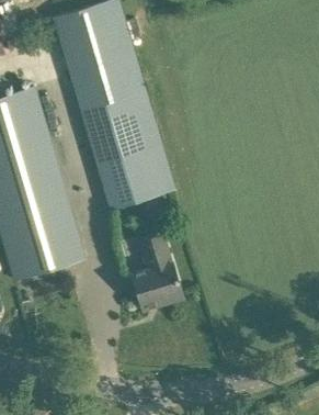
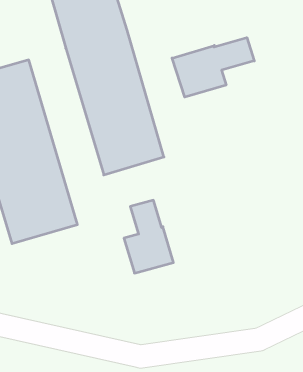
building: none -> [172,38,254,97]

